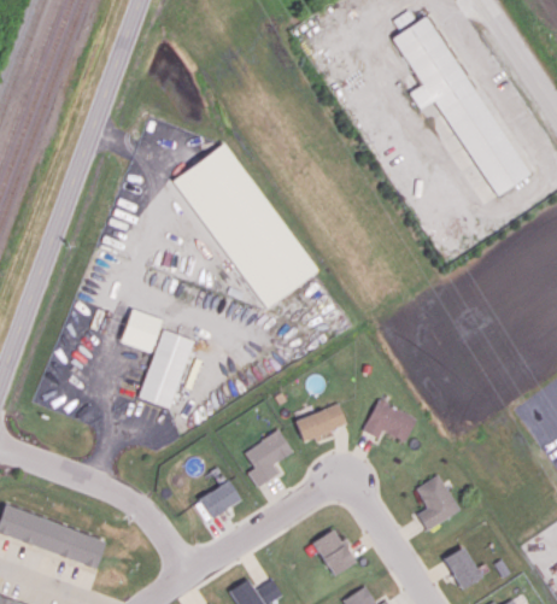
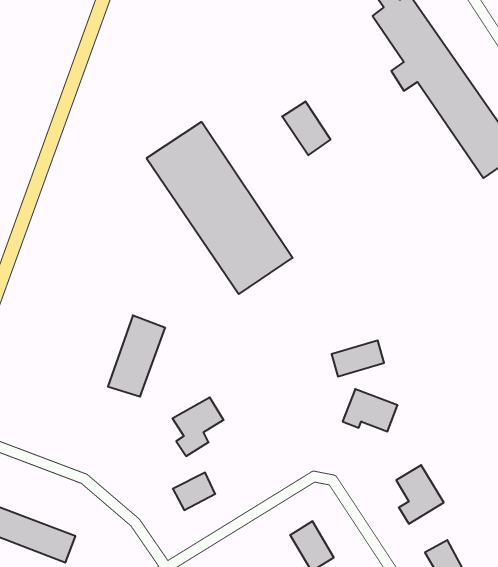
building: none -> [282,101,330,155]
building: [121,309,162,353] -> none
building: [295,405,346,440] -> [332,340,384,377]
building: [244,430,293,487] -> [172,397,224,456]

